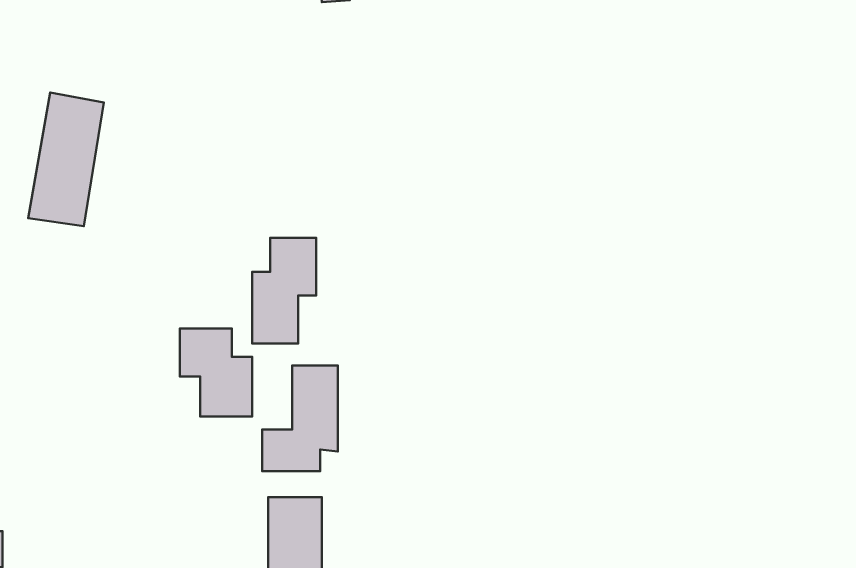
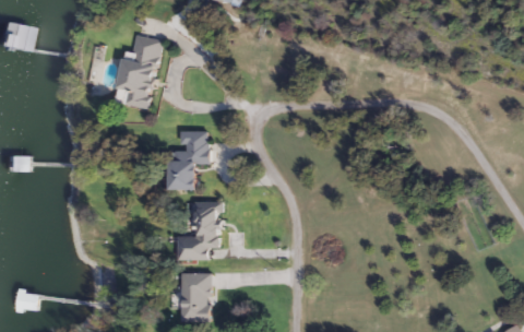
building: [28,93,104,226] -> [117,34,158,107]
building: [180,328,252,416] -> none

